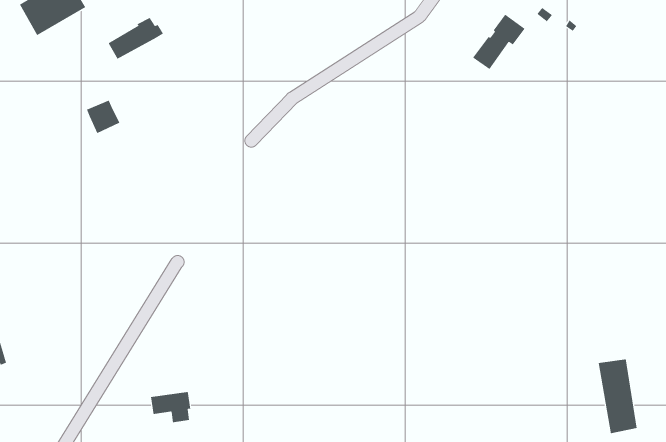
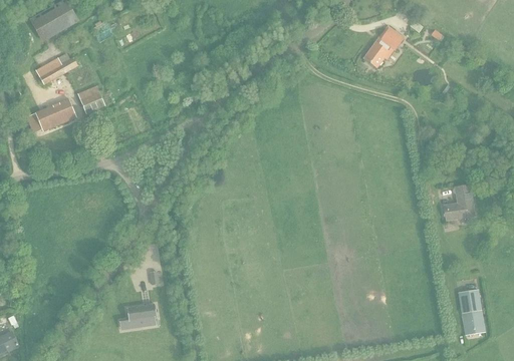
building: [108,17,164,60] -> [36,52,77,83]
building: none -> [27,96,77,133]
building: none -> [442,183,474,219]

